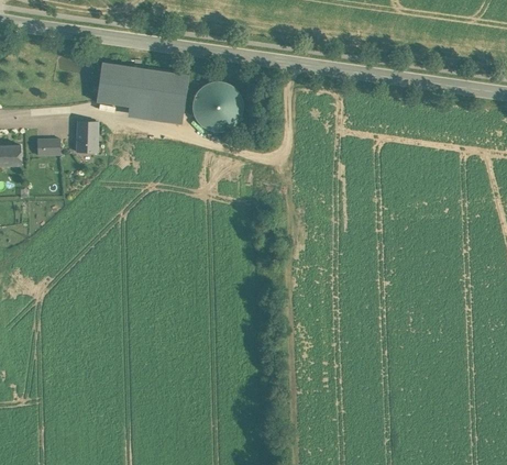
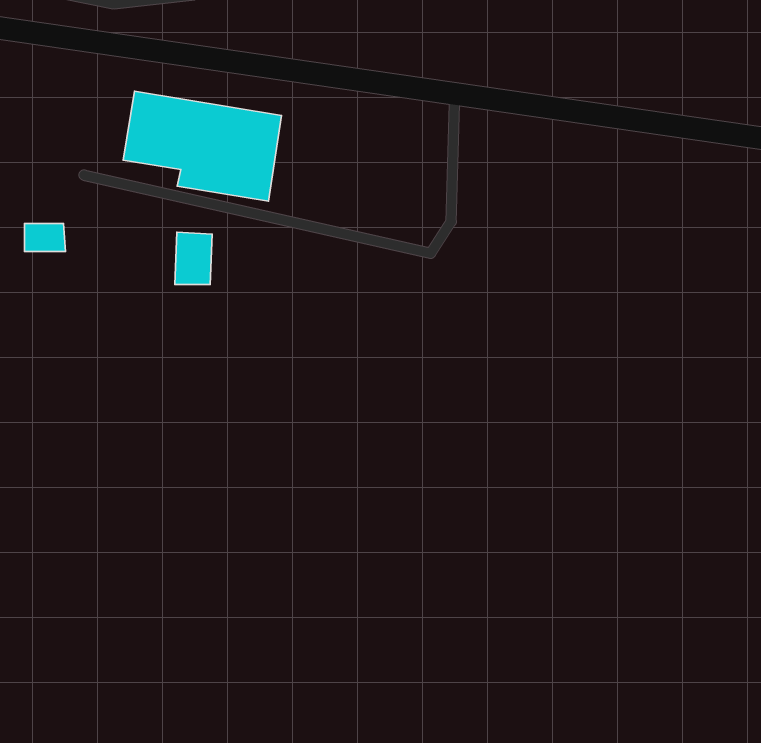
building: [188,79,239,131] -> none
building: [77,121,99,152] -> [175,232,212,284]

